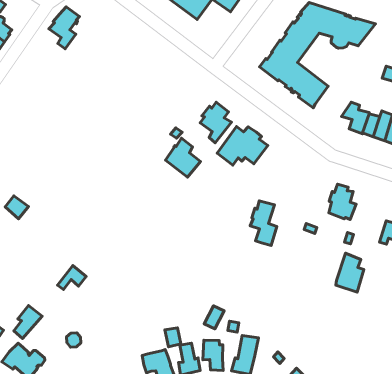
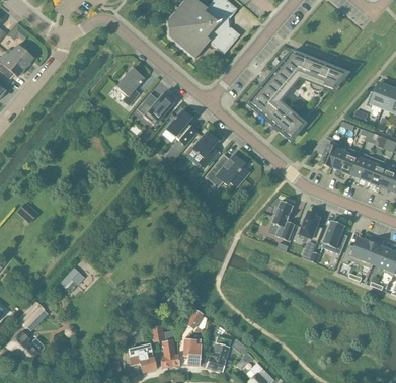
building: [49,7,80,49] -> [116,69,144,105]
building: none -> [138,93,173,125]
building: [165,138,200,177] -> [167,110,197,145]
building: [250,201,277,246] -> [272,201,296,240]
building: [336,253,364,292] -> [323,220,348,254]

